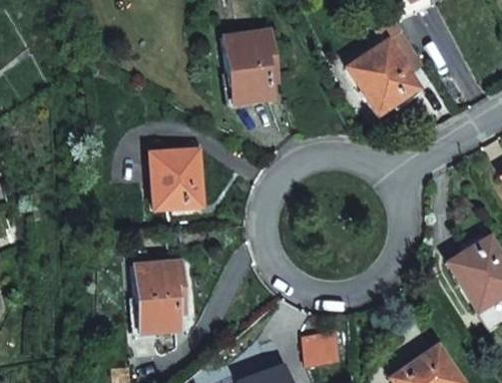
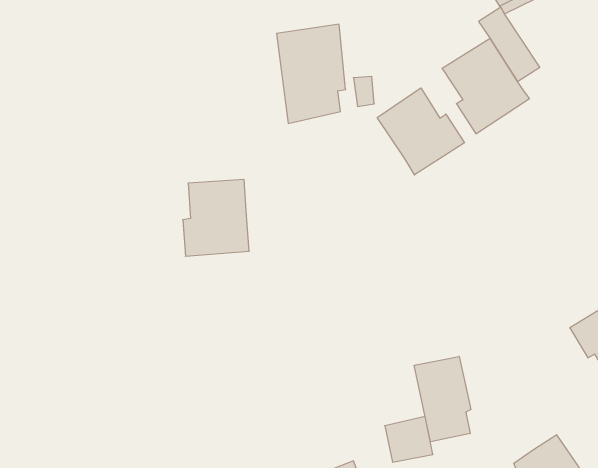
building: none -> [377,88,464,175]
building: [133,260,184,330] -> none
building: none -> [414,356,471,442]

